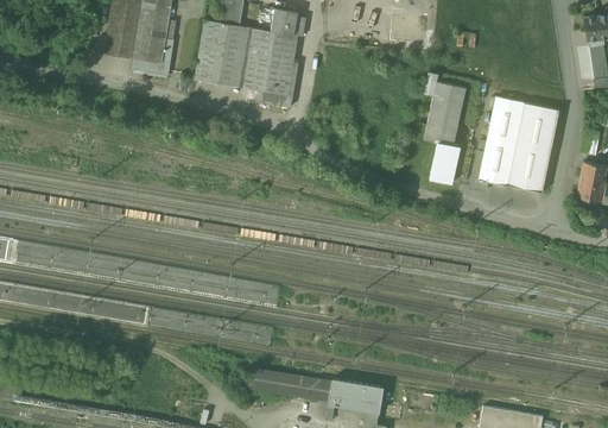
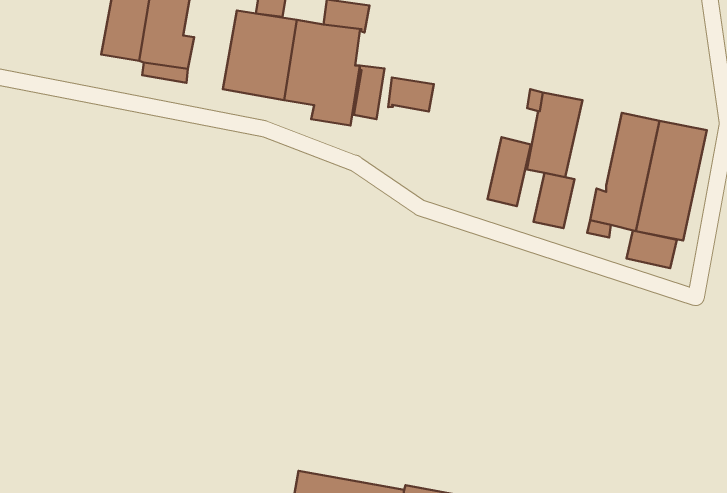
building: none -> [354,66,385,119]
building: none -> [388,78,434,111]
building: none -> [488,137,531,206]
building: none -> [626,230,677,268]

